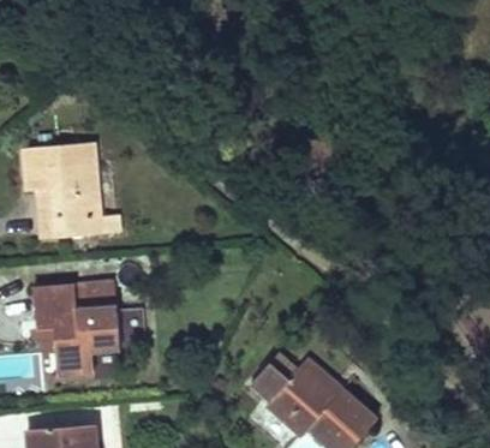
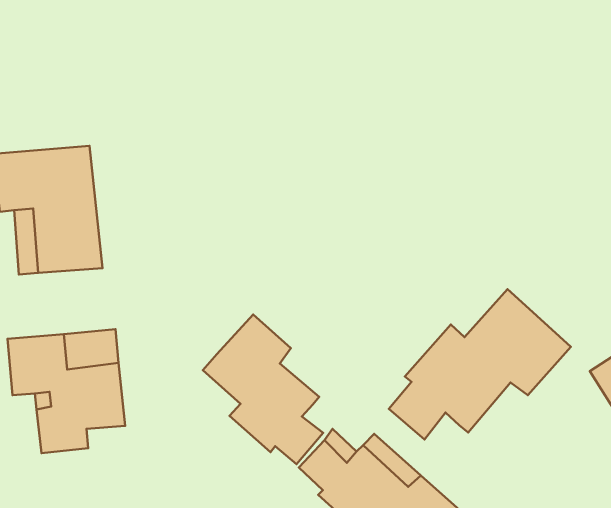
building: none -> [389,289,571,439]
building: none -> [203,315,323,464]

